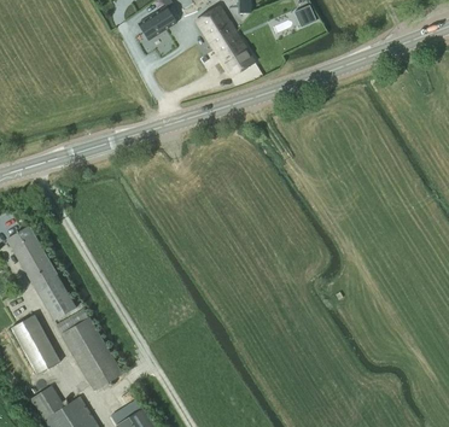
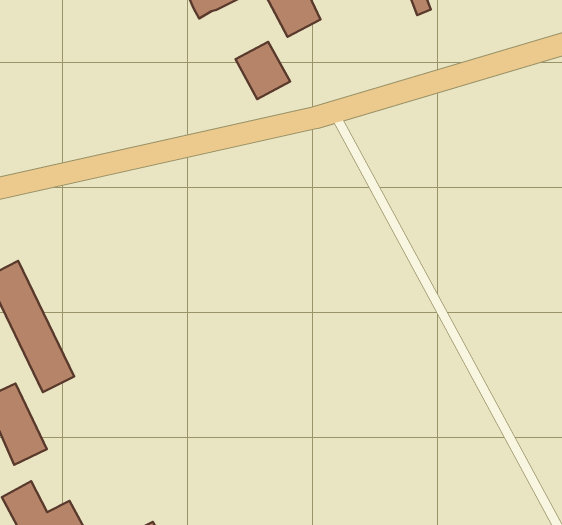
building: [212,34,253,76] -> [235,42,290,99]
building: [59,317,122,391] -> none

